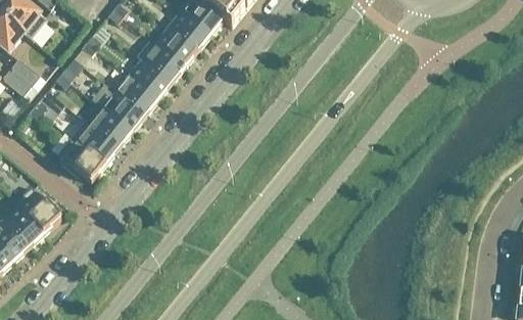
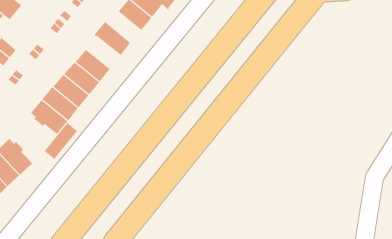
building: [154,26,197,65] -> none
building: [127,57,172,98] -> none
building: none -> [44,122,78,160]

